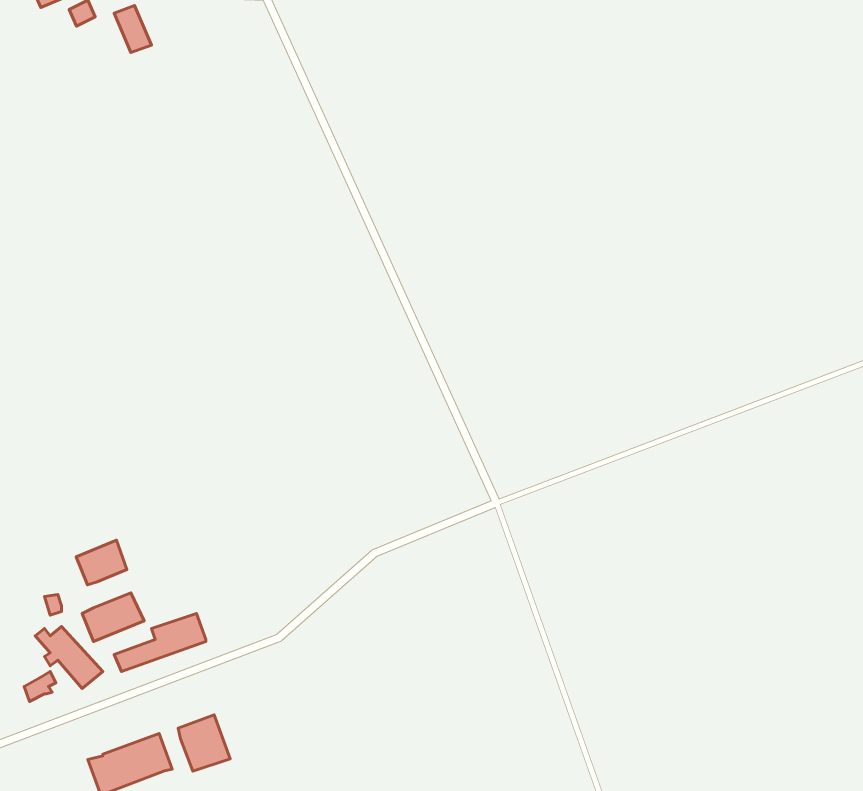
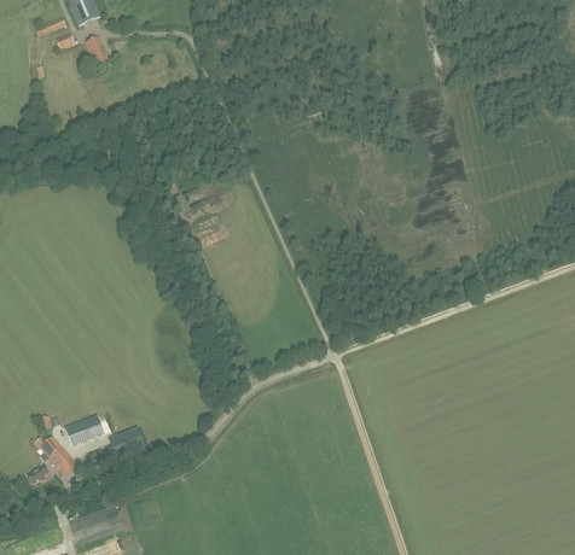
building: [76,540,127,585] -> none
building: [178,715,230,771] -> none

